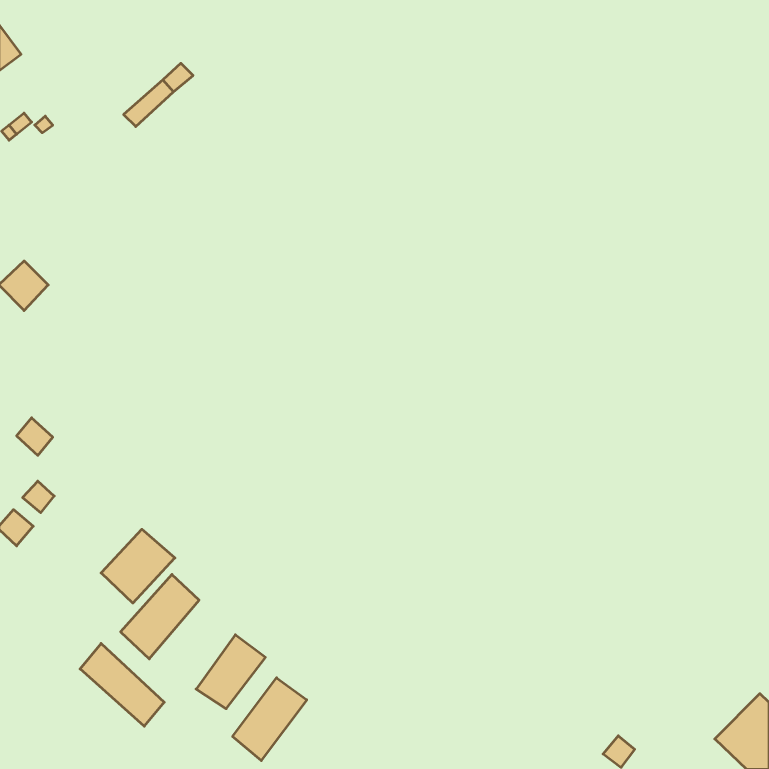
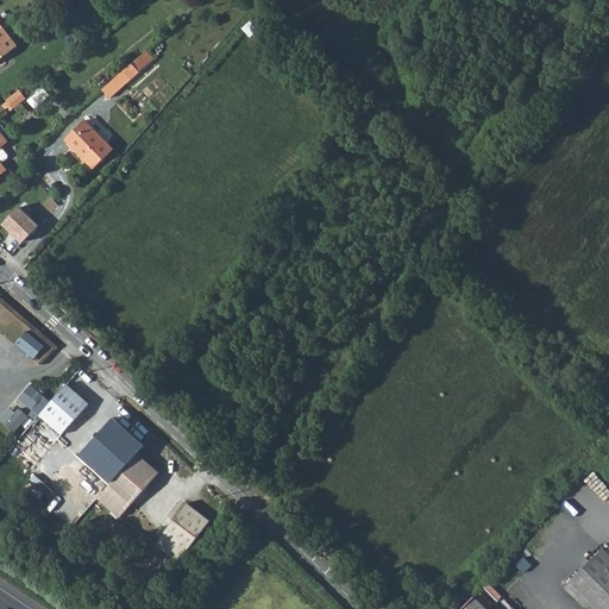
building: none -> [64,123,112,168]
building: none -> [39,387,89,438]
building: [80,643,164,726] -> none
building: [233,678,307,761] -> none

